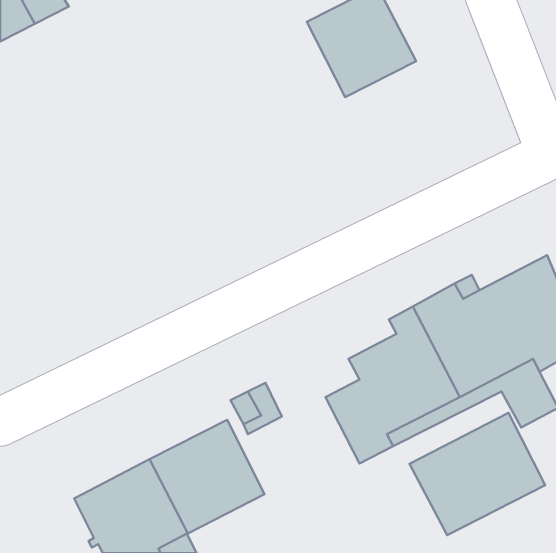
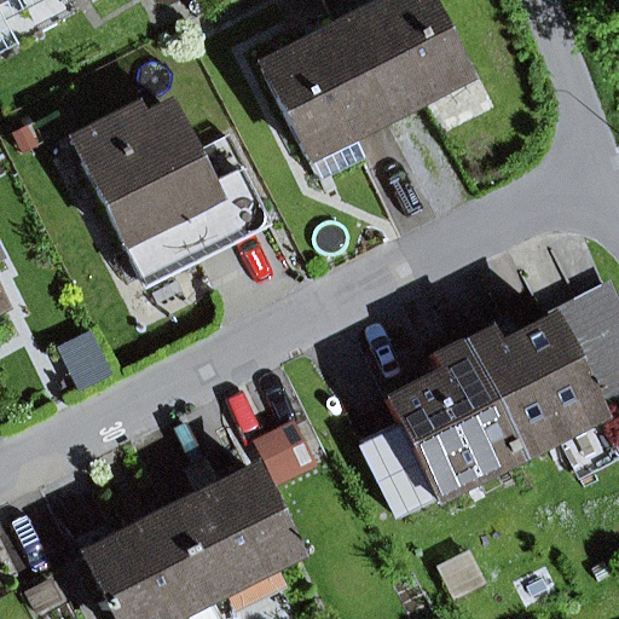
building: none -> [261,24,384,175]
building: none -> [71,104,267,283]
building: [409,413,545,535] -> none

